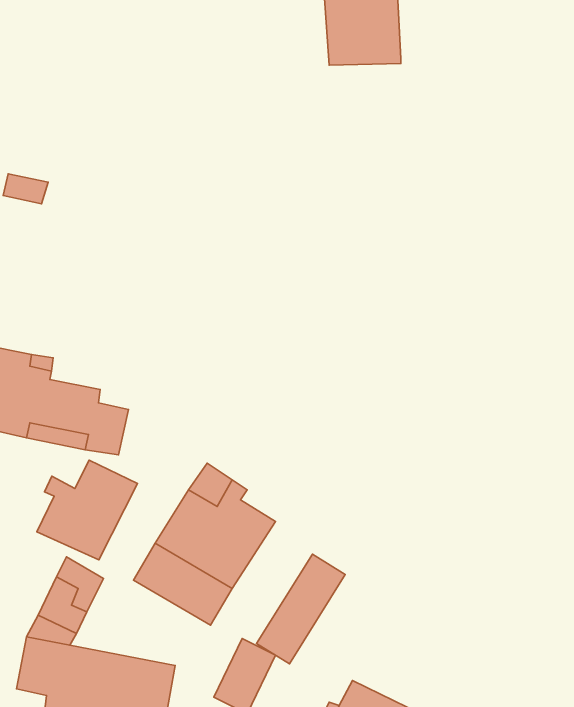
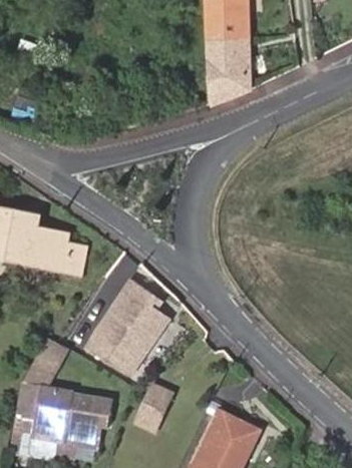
building: none -> [205,39,249,102]
building: [37,460,138,560] -> none
building: [257,554,345,664] -> none

